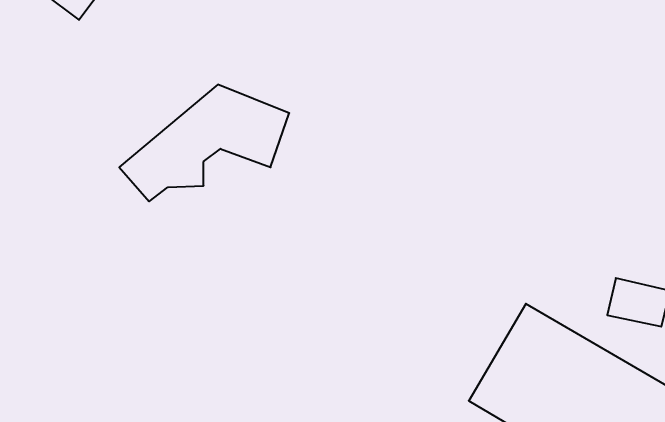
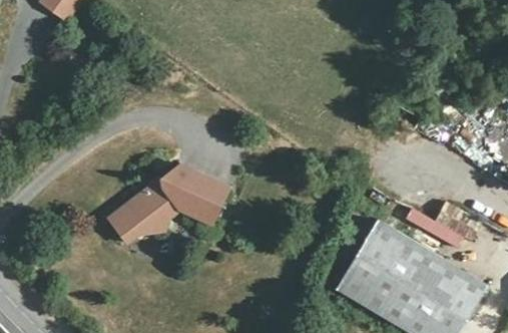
building: [119,85,289,201] -> [112,157,231,240]

